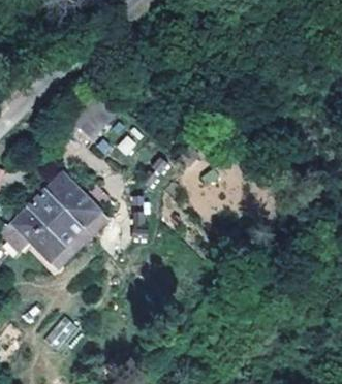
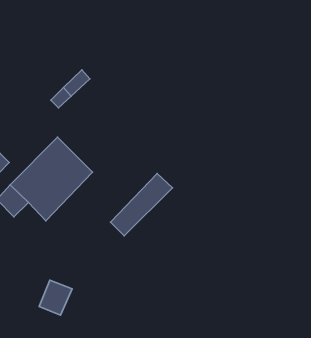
building: [50,205,116,271] -> [110,173,173,236]

